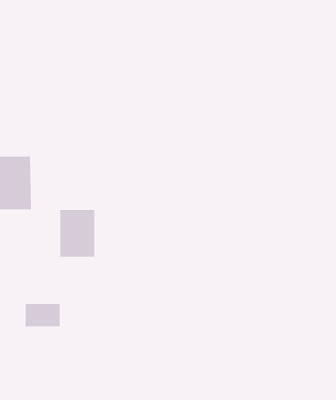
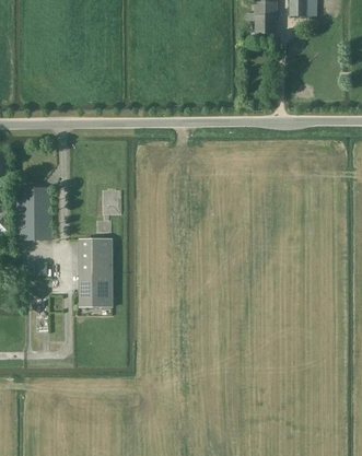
building: [25,303,60,327] -> [78,284,112,307]

